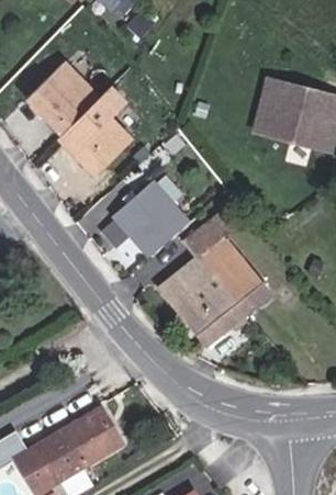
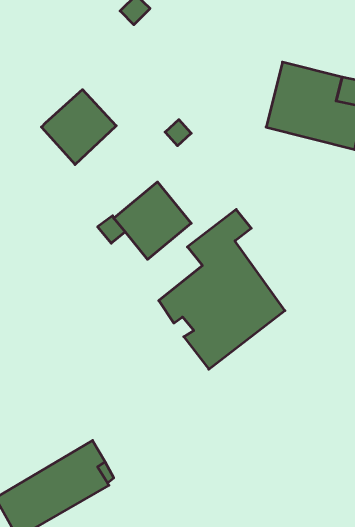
building: [24,57,97,130] -> none

